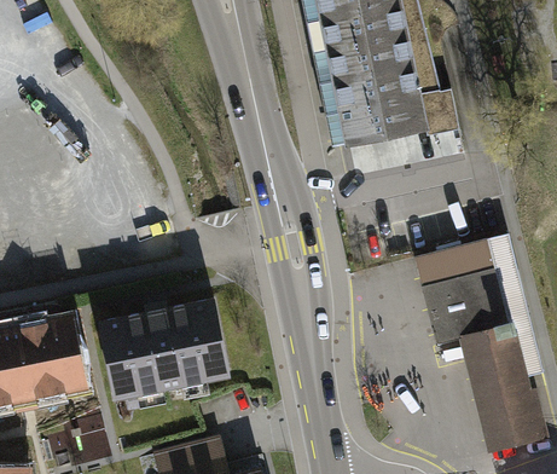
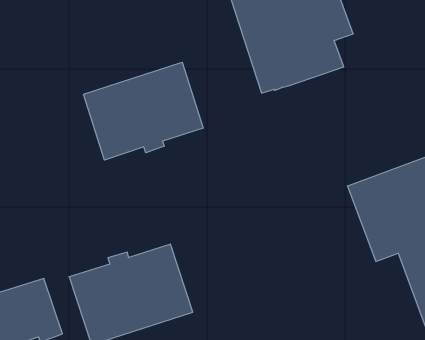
building: [417,89,458,135] -> none
building: none -> [83,62,203,160]

